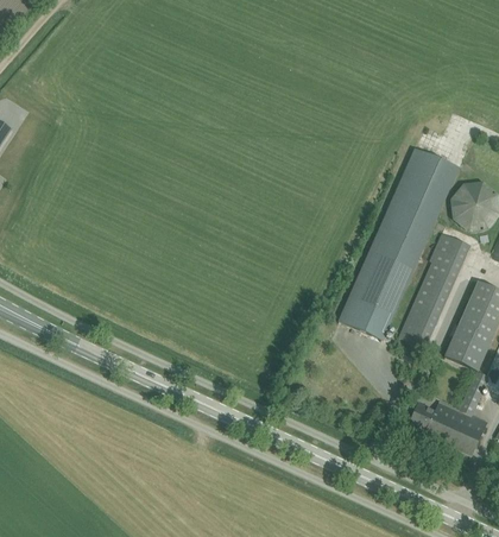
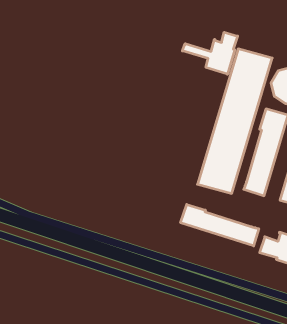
building: none -> [182,32,238,74]
building: none -> [181,204,259,246]

